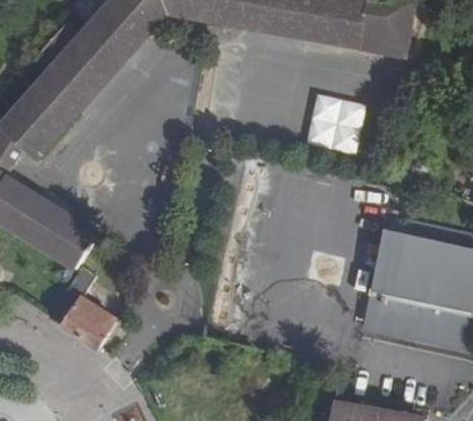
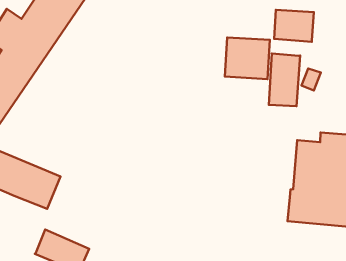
building: none -> [274,10,314,42]
building: none -> [269,54,300,106]

